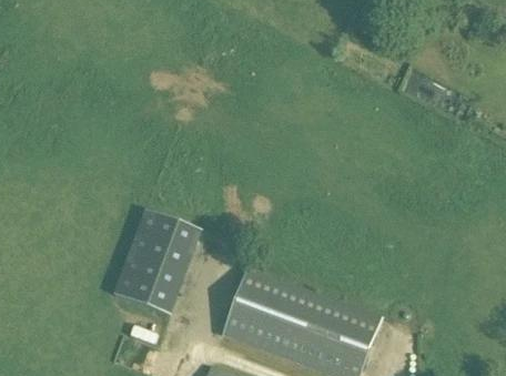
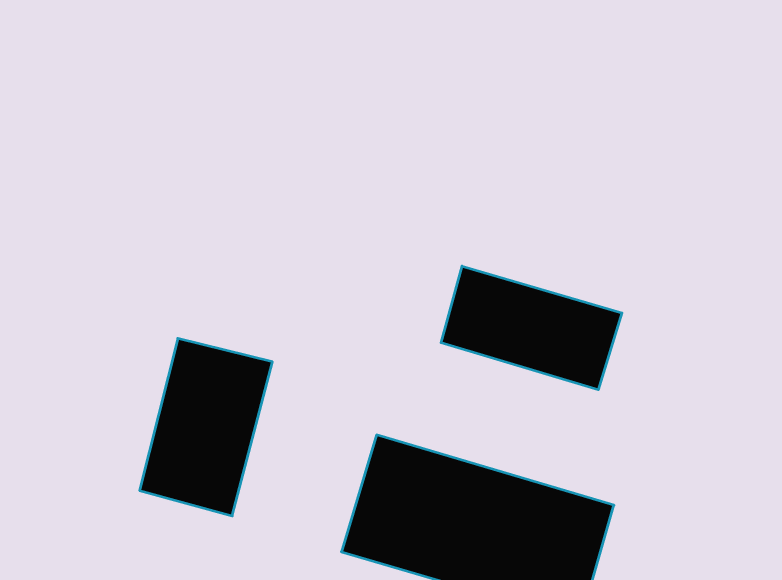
building: none -> [441,266,622,390]

